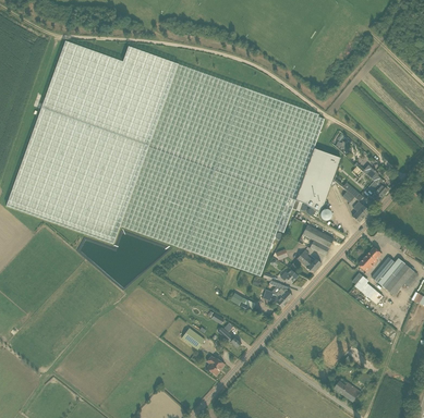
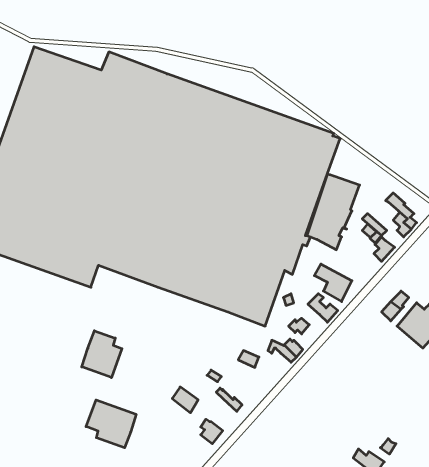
building: none -> [82,331,122,378]
building: none -> [86,400,136,448]

